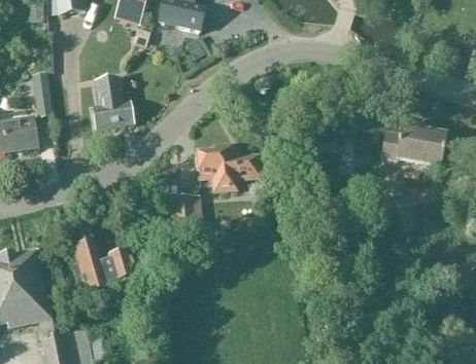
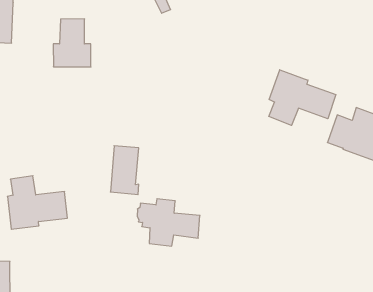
building: none -> [269,70,336,125]
building: [196,145,261,191] -> [137,199,200,246]

